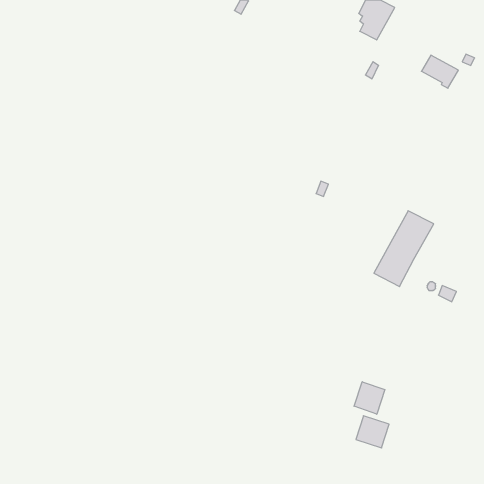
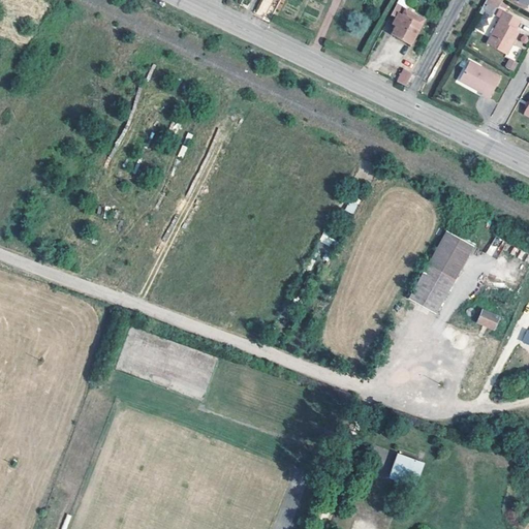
building: none -> [487,10,520,54]
building: [354,382,385,414] -> none

